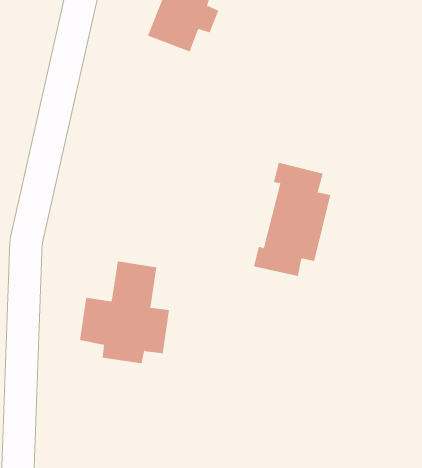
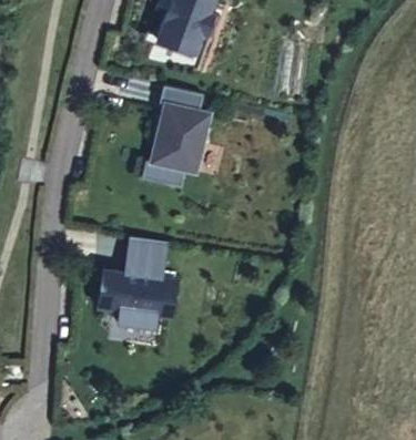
building: [253,162,331,276] -> [140,84,209,185]

